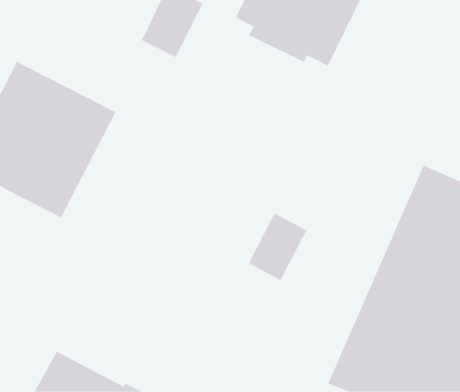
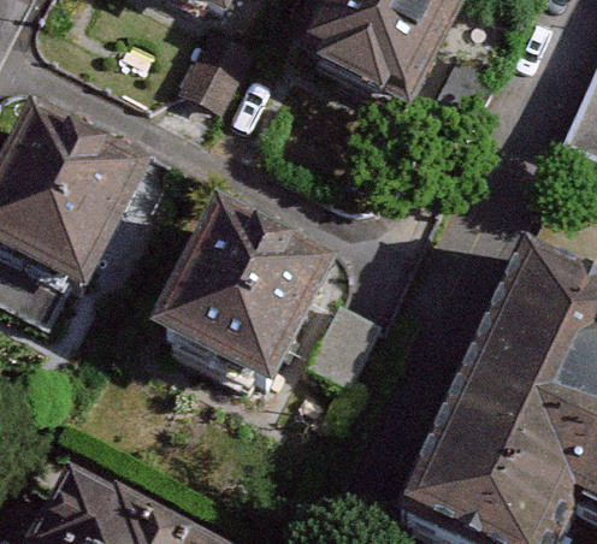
building: none -> [142,219,333,415]

